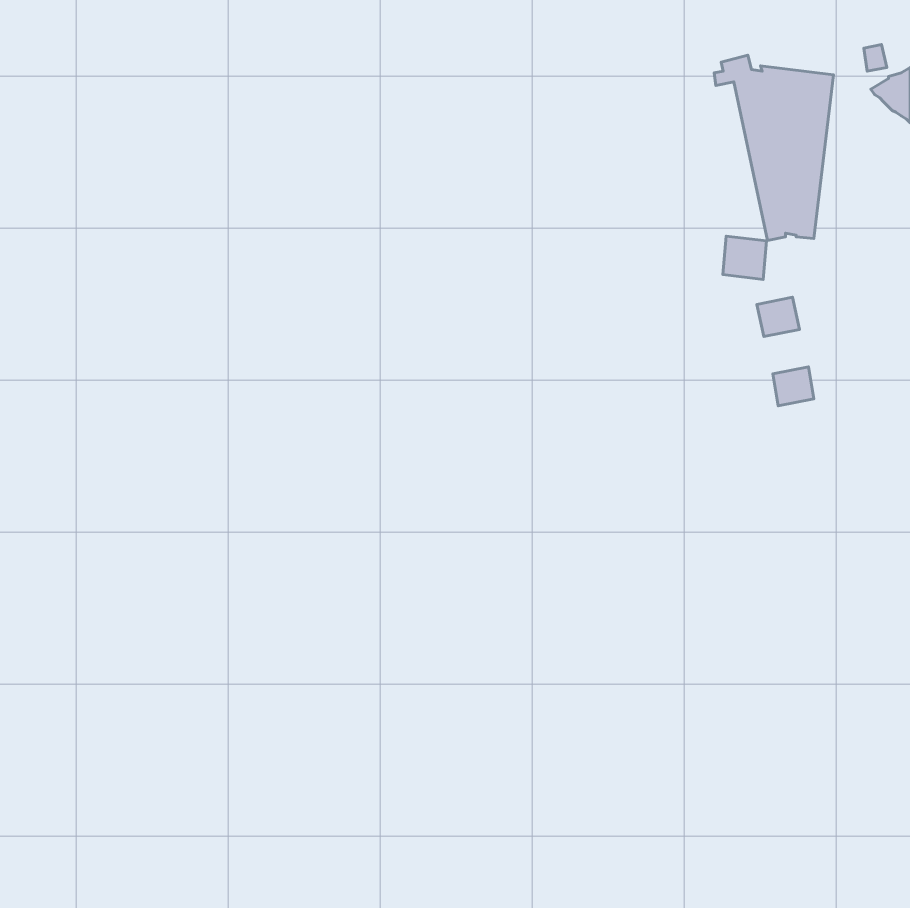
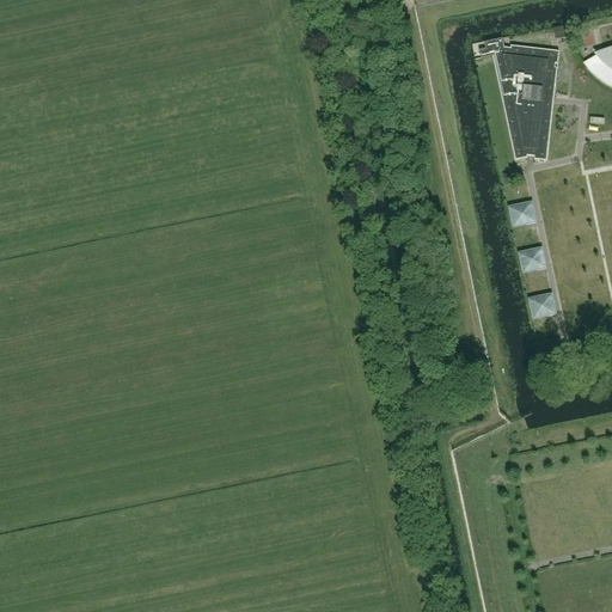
building: [723,236,766,279] -> none
building: none -> [527,292,556,319]

